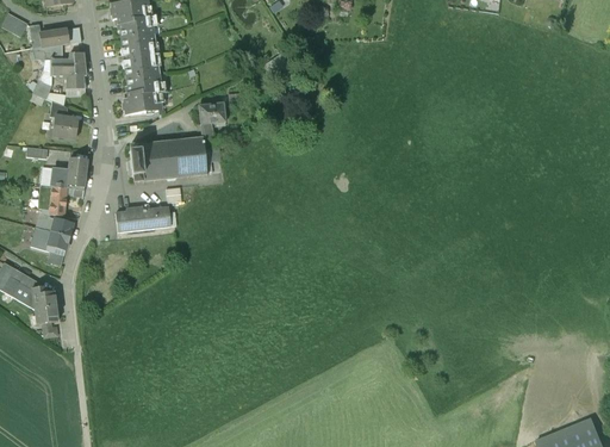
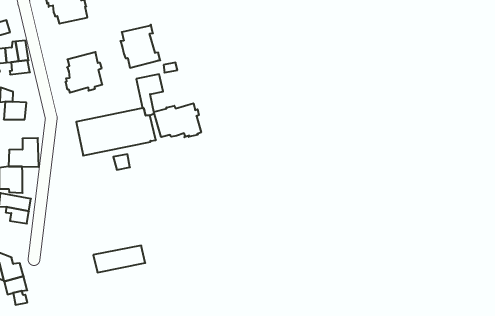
building: [120,33,161,77] -> [120,25,160,68]
building: none -> [154,103,201,137]
building: [116,207,170,231] -> [93,246,145,272]

